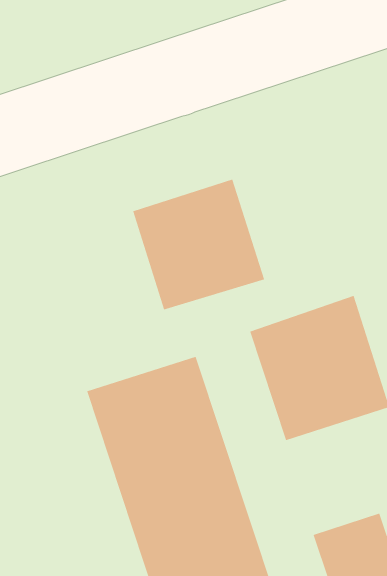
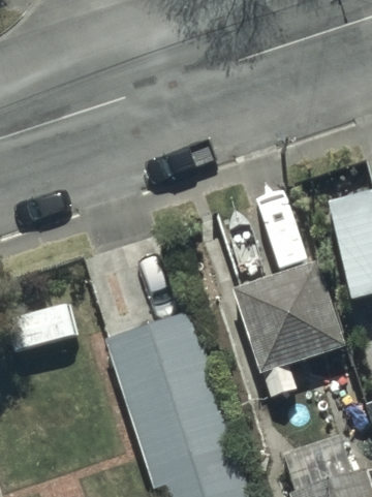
building: [132,179,265,310] -> none

